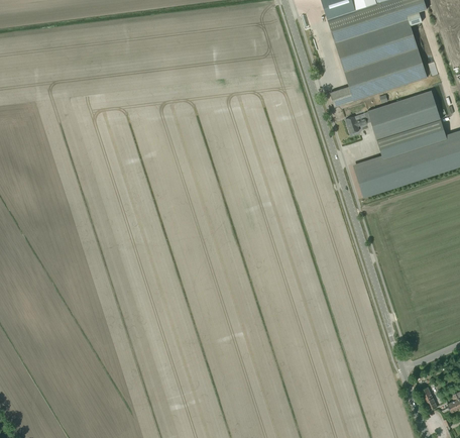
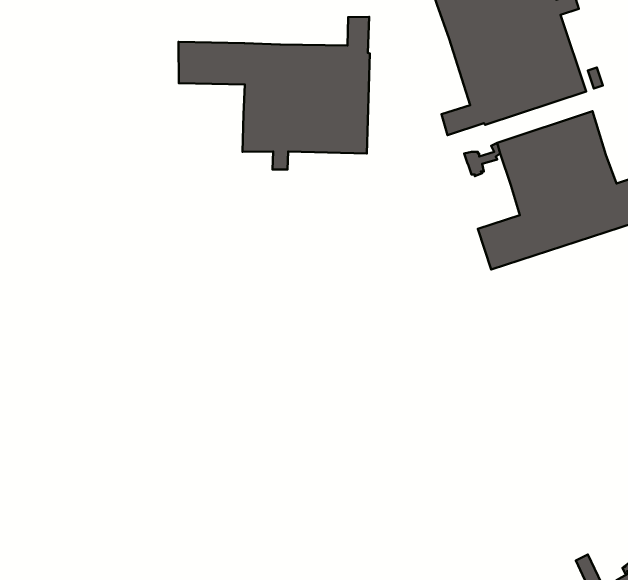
building: none -> [179,17,370,170]

